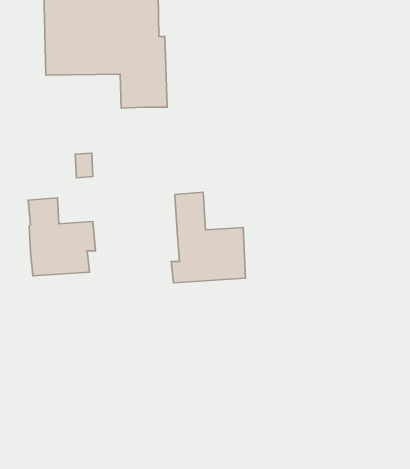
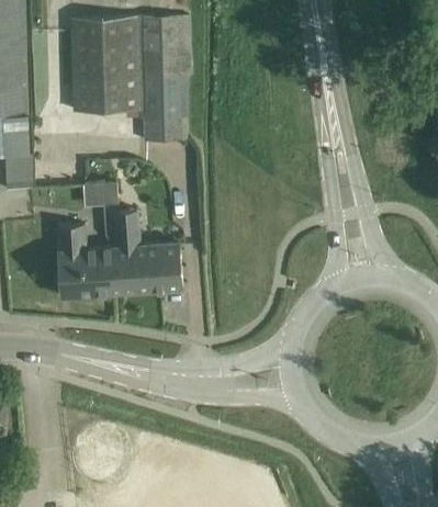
building: [171,192,245,283] -> [112,210,181,294]

